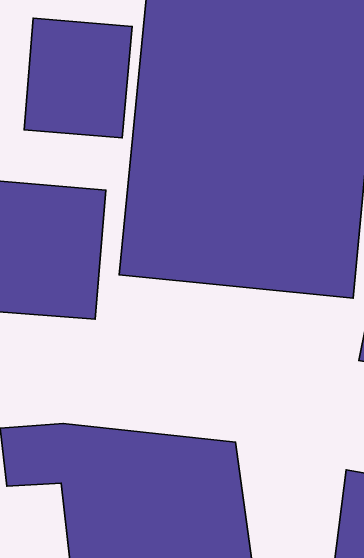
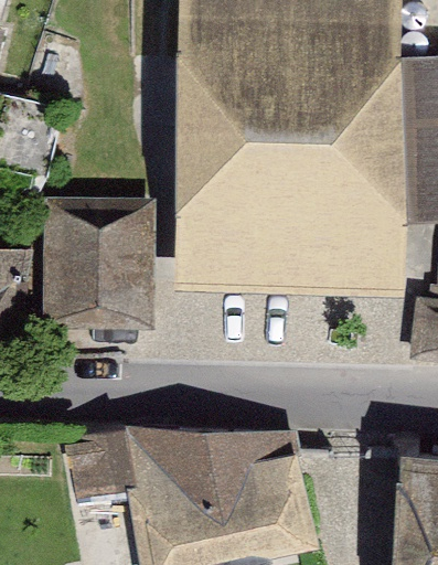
building: [24,18,132,138] -> none

